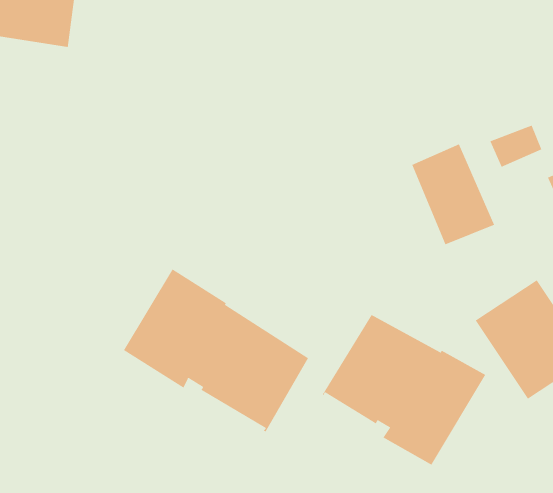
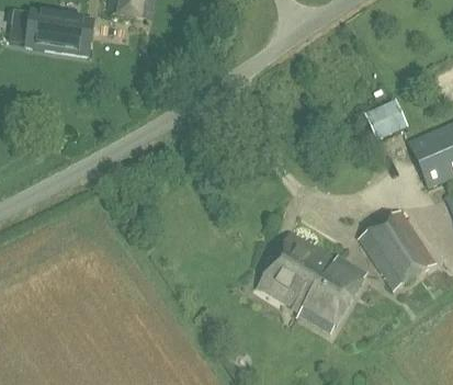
building: [412,143,495,245] -> none
building: [123,268,309,432] -> none

